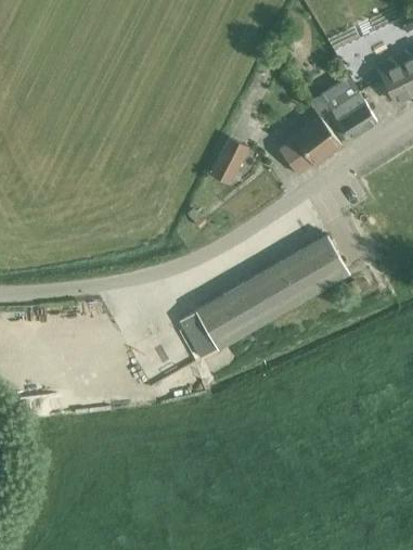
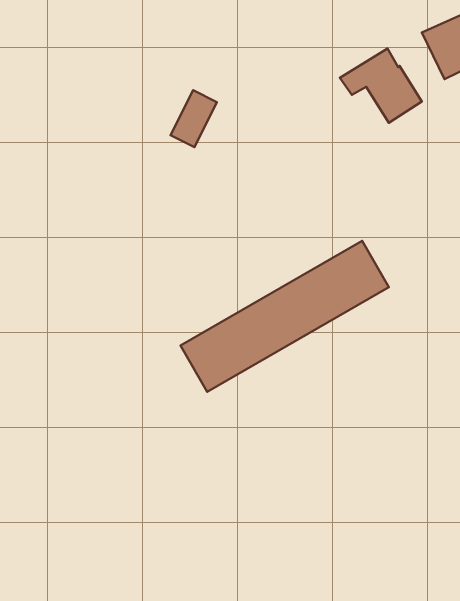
building: [278,116,340,176] -> none
building: [209,138,247,184] -> [171,90,217,147]

